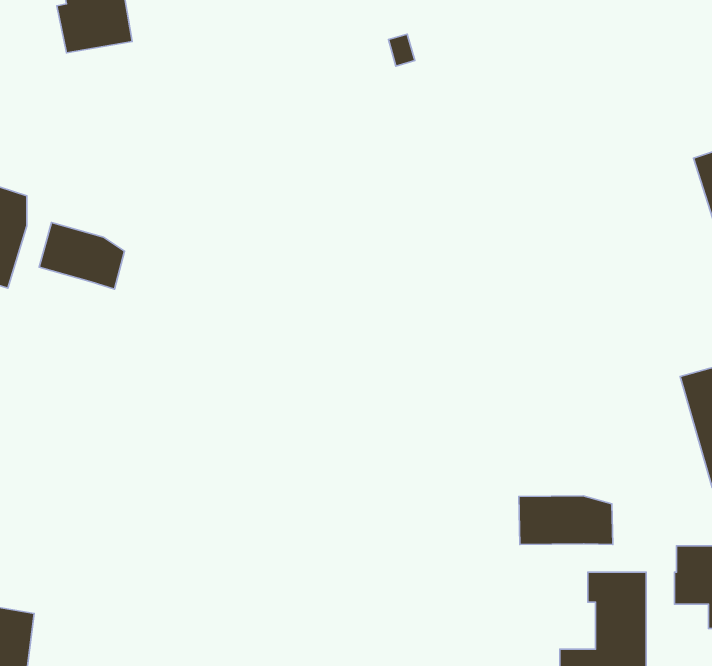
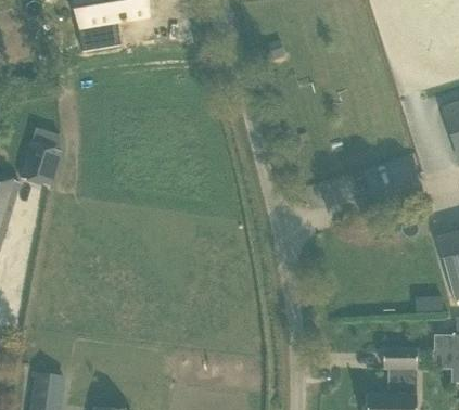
building: [39,223,125,289] -> none
building: [519,496,613,544] -> none

